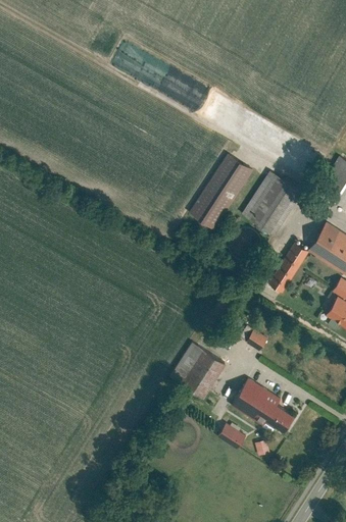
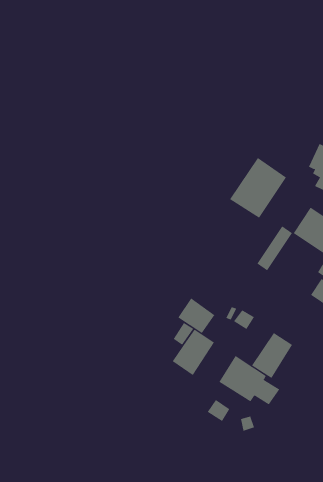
building: [190,153,252,228] -> none
building: none -> [177,297,215,334]
building: none -> [251,332,293,379]

